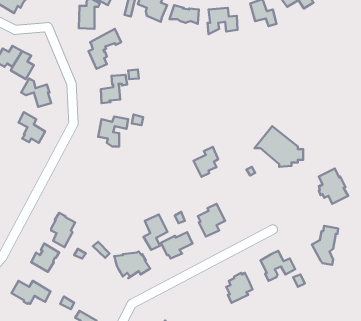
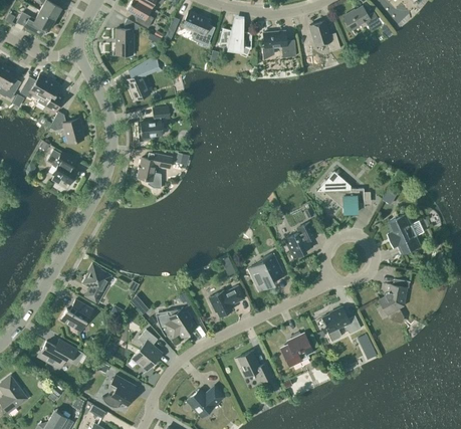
building: [193,147,218,177] -> [284,224,312,258]
building: [144,215,167,250] -> none
building: none -> [129,330,161,375]
building: none -> [237,352,272,383]

